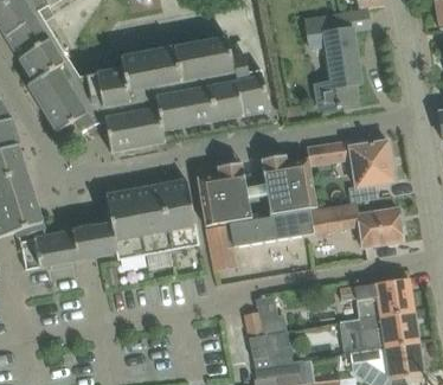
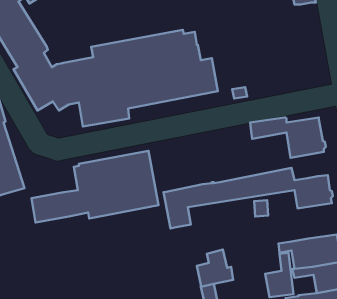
building: [302,8,370,110] -> none
building: [261,154,316,216] -> none
building: [197,162,251,226] -> none
building: [20,236,54,270] -> none

